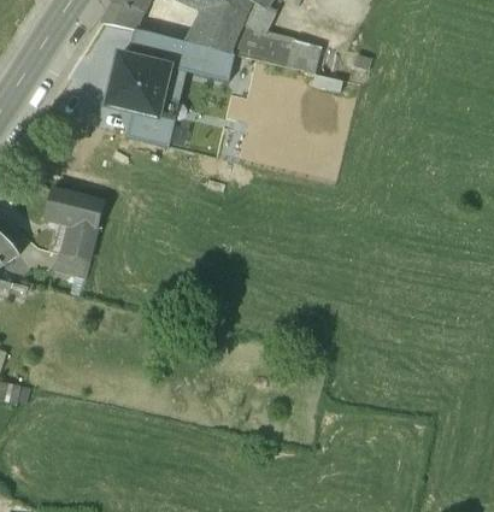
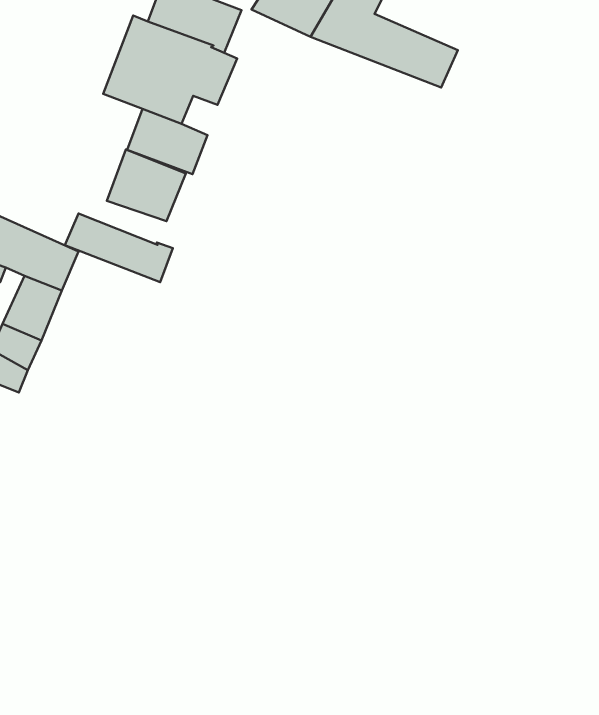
building: [177,40,234,80] -> none
building: none -> [107,150,186,221]
building: none -> [65,214,173,282]

